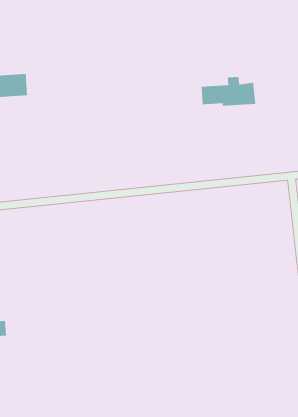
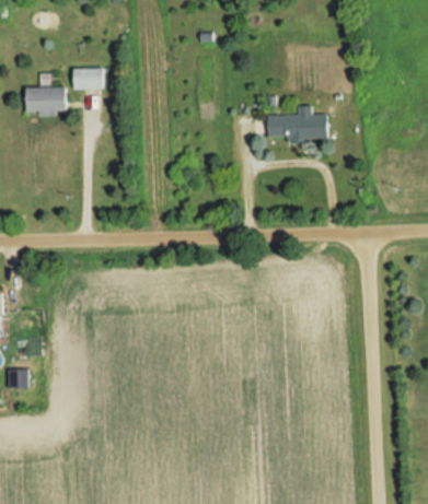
building: none -> [73,68,103,90]

